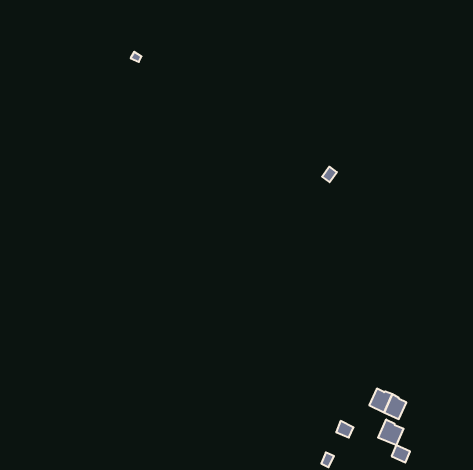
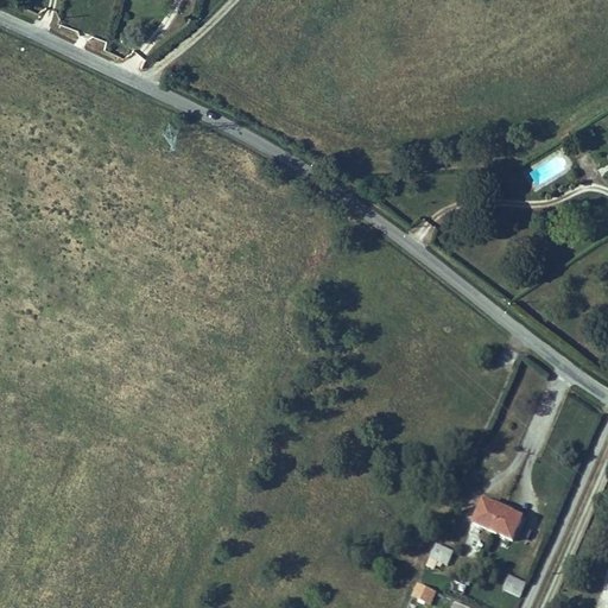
building: [378,419,404,445] -> none

